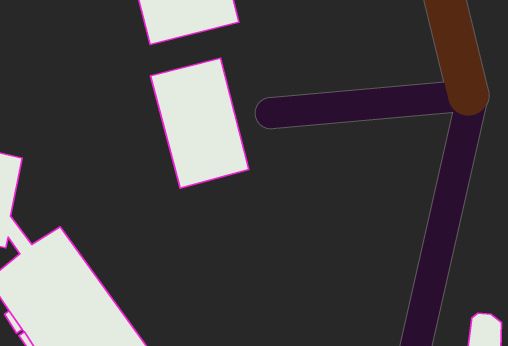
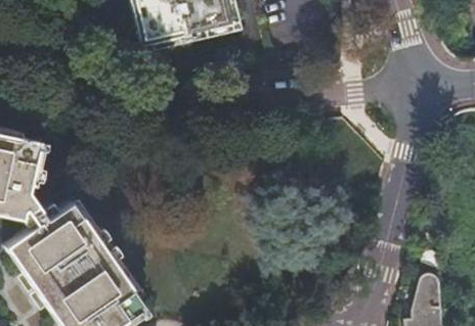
building: [151,58,249,188] -> none

